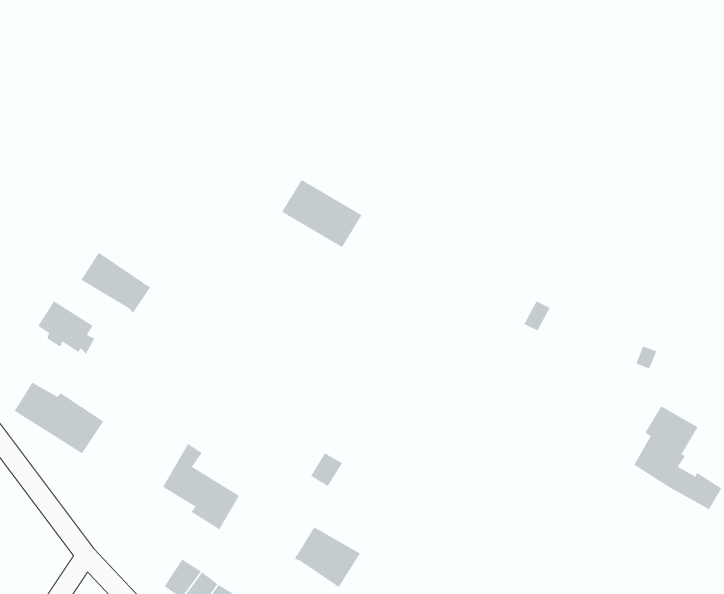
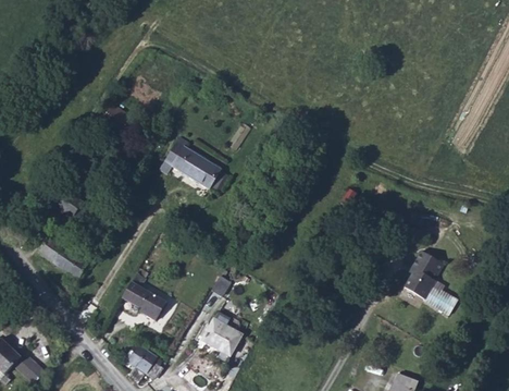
building: [281,179,362,248] -> [173,143,222,184]
building: [81,252,151,313] -> none

